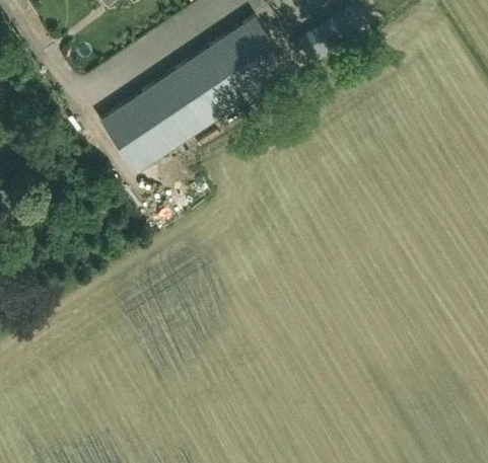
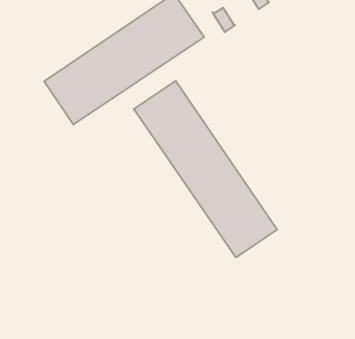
building: none -> [134,81,277,257]

